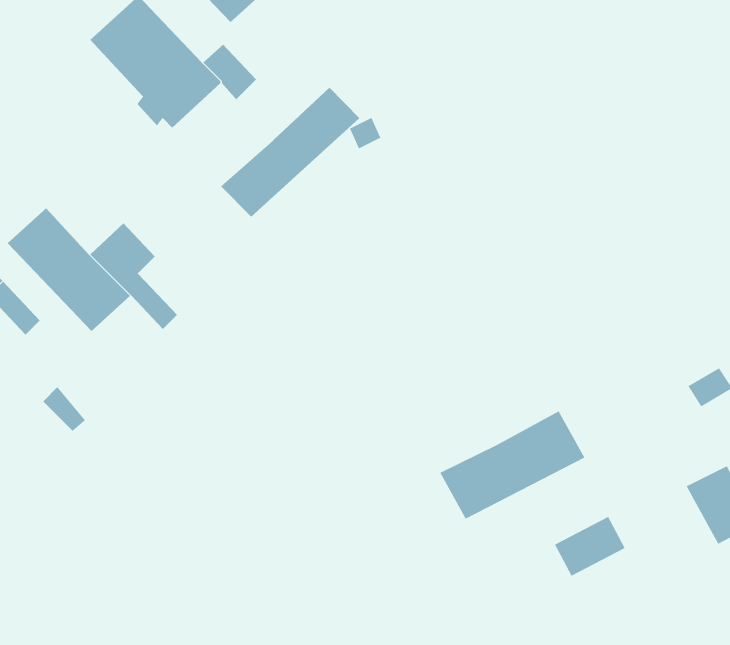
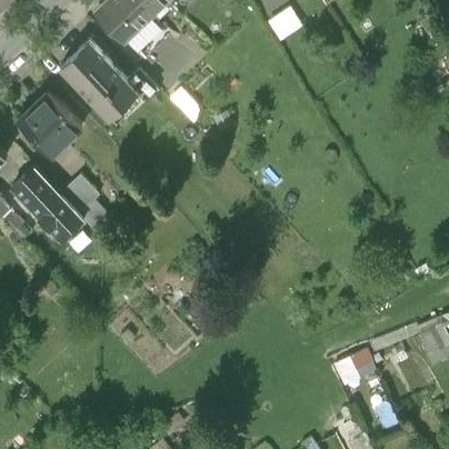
building: none -> [16,94,80,159]
building: [220,87,360,218] -> none
building: [439,411,585,520] -> none

